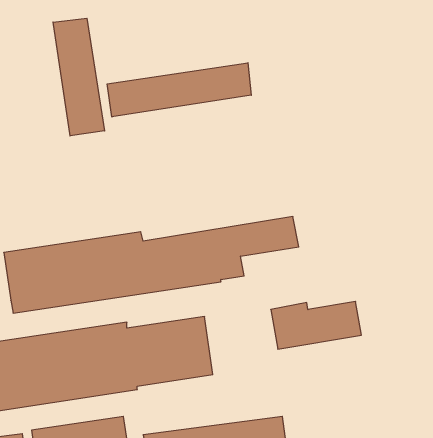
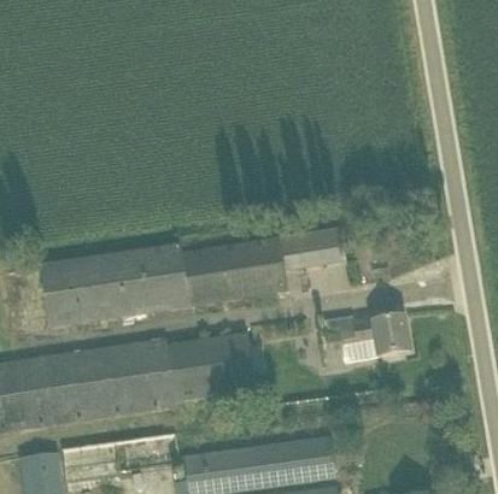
building: [53,18,105,136] -> none
building: [107,63,251,117] -> none

